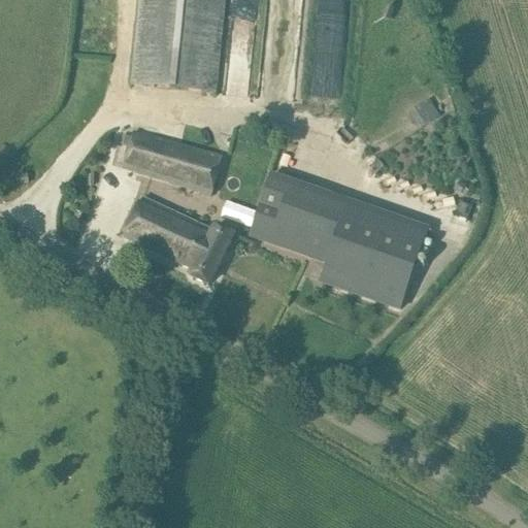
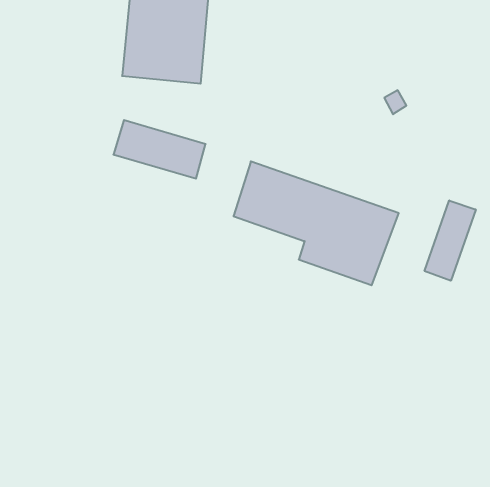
building: [123,196,233,283] -> none
building: none -> [425,200,476,281]

